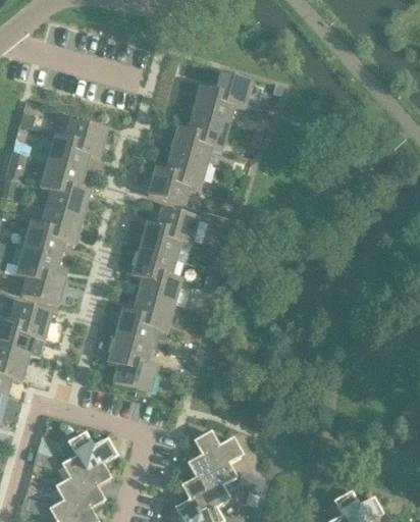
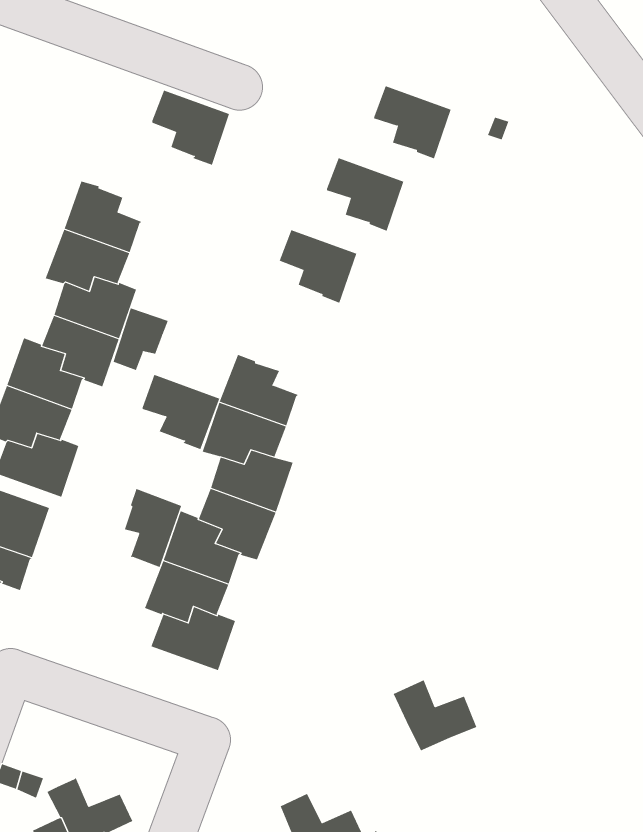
building: [193,84,234,120] -> none
building: [65,118,107,157] -> [152,90,230,165]
building: [170,124,212,161] -> none
building: [148,165,190,203] -> none
building: none -> [113,307,169,371]
building: [157,205,199,244] -> [142,374,220,450]
building: none -> [124,488,182,568]
building: [195,430,242,469] -> [393,679,477,751]
building: [59,432,116,470] -> none

